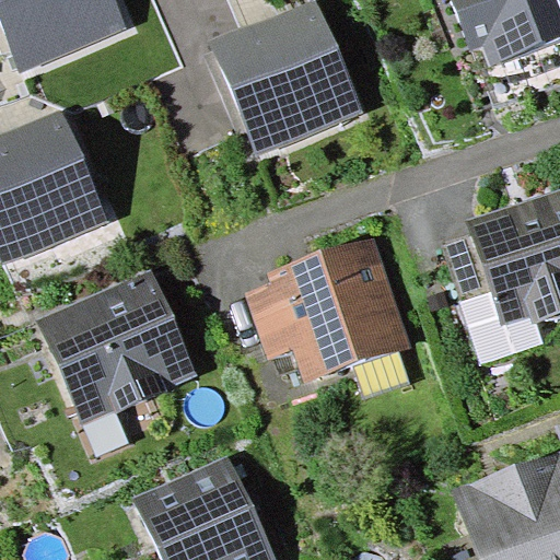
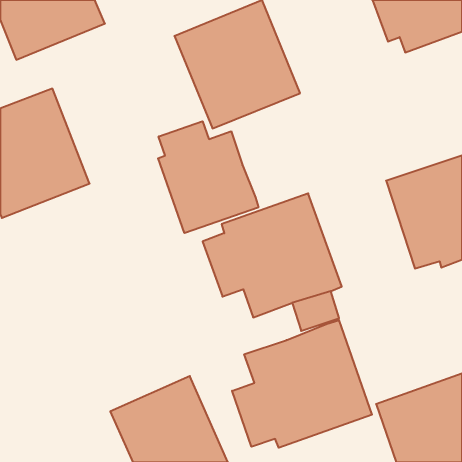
building: none -> [158,121,258,233]
building: [38,268,201,423] -> none
building: none -> [232,320,372,448]

